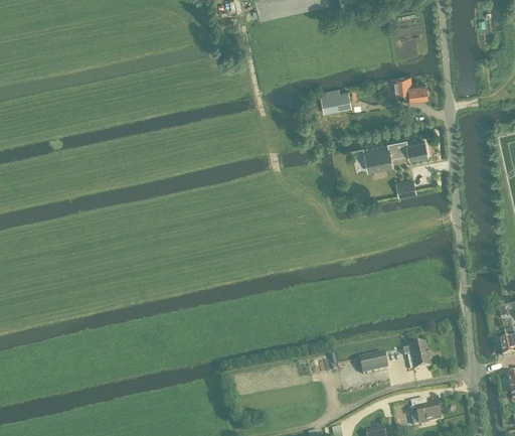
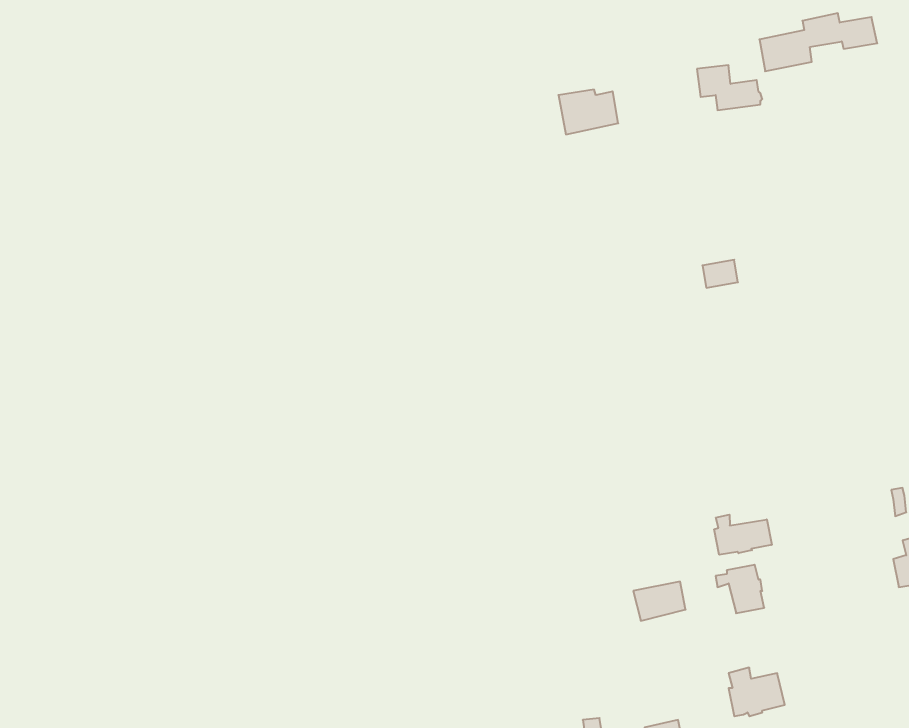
building: [364,137,427,168] -> [759,13,877,71]
building: none -> [714,515,772,555]

